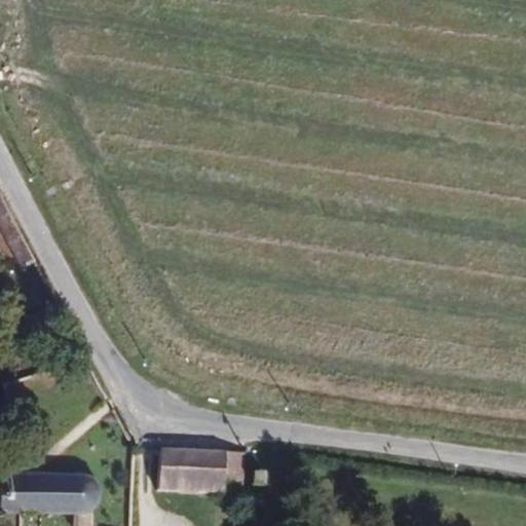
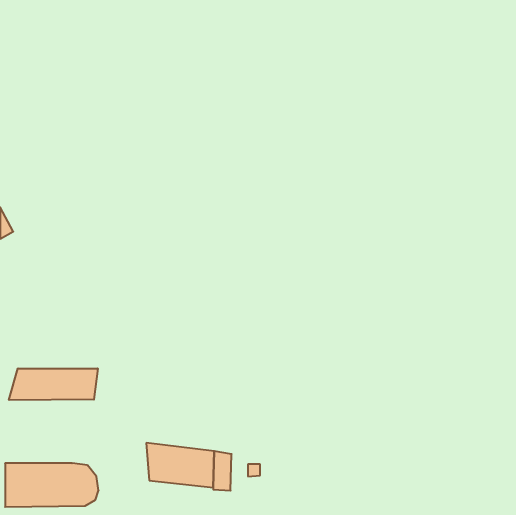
building: none -> [9,368,98,400]

